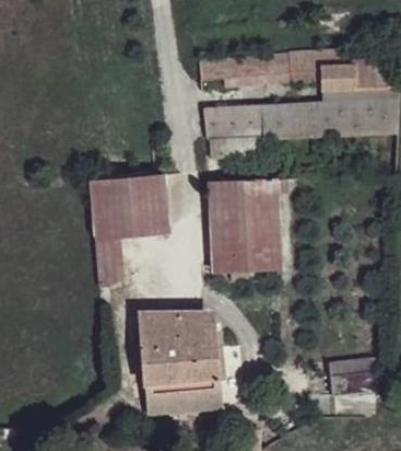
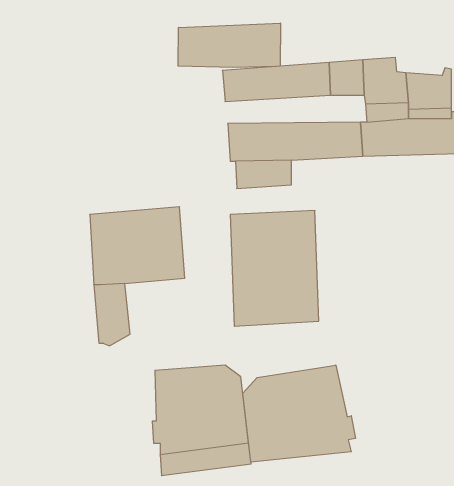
building: none -> [178,23,280,67]
building: none -> [243,365,355,462]
building: [331,361,379,393] -> none

